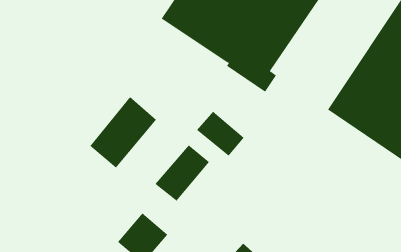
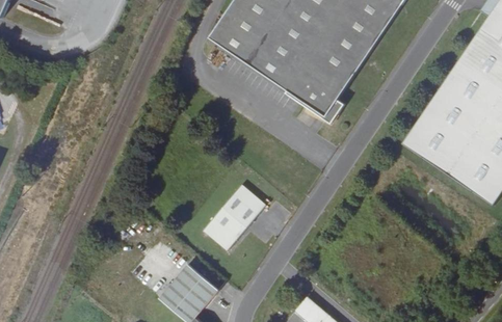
building: [89,96,157,168] -> none
building: [196,111,245,157] -> none

